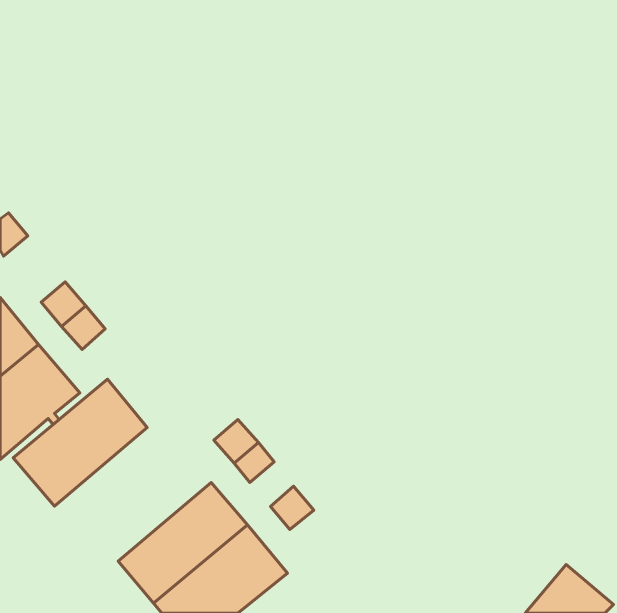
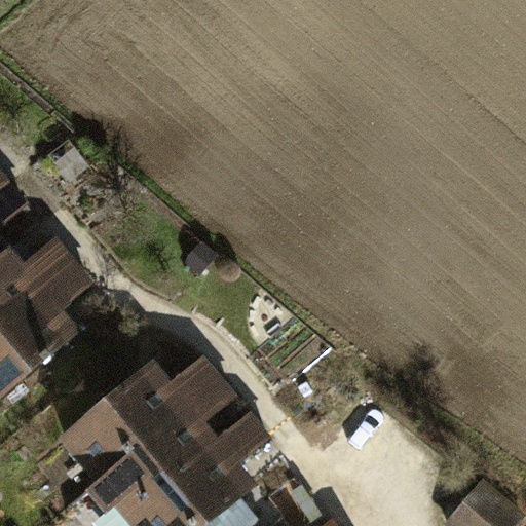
building: [13,379,147,506] -> [66,369,180,477]

